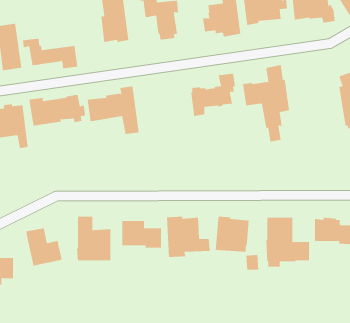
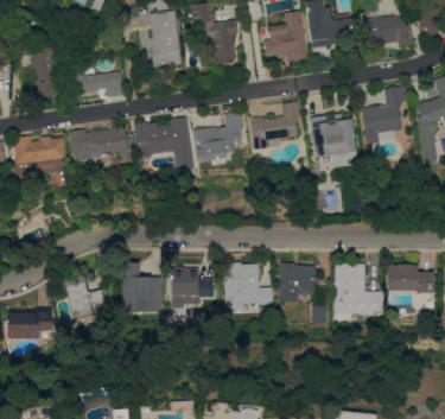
building: none -> [361,87,403,142]
building: none -> [191,112,243,163]

